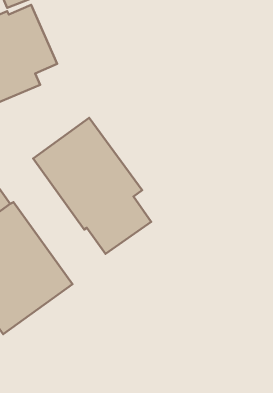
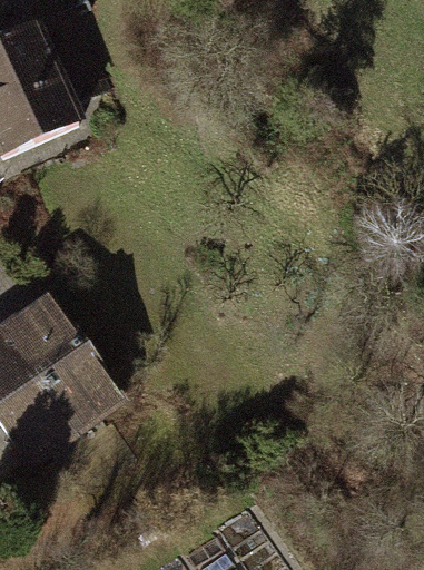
building: [33,118,151,254] -> none

